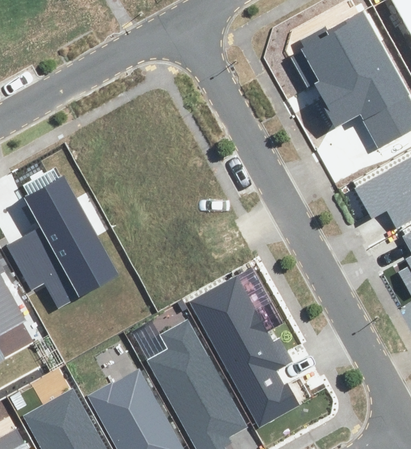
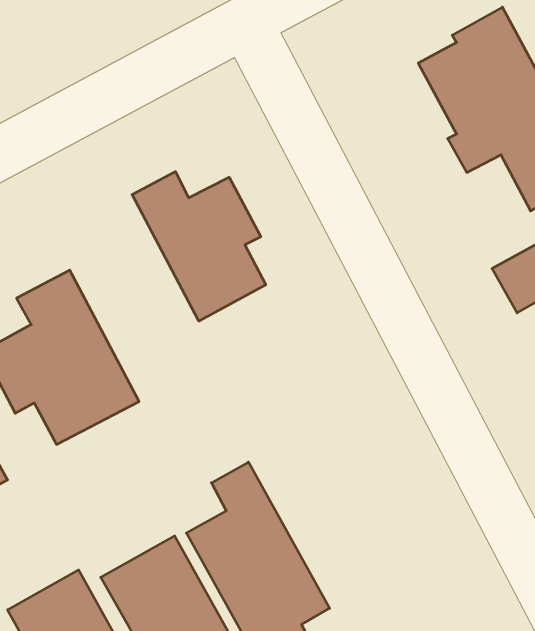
building: none -> [132,172,266,321]
building: [194,278,298,423] -> none

